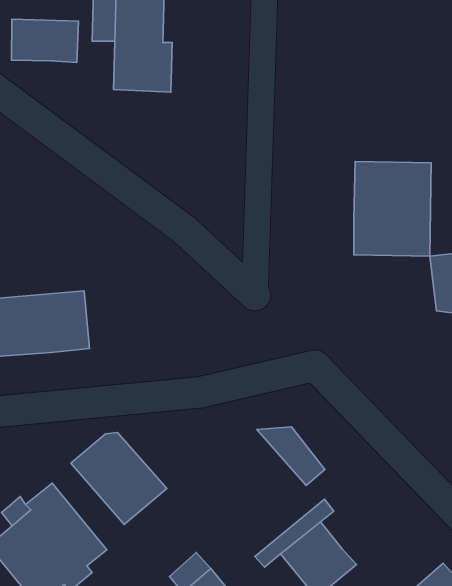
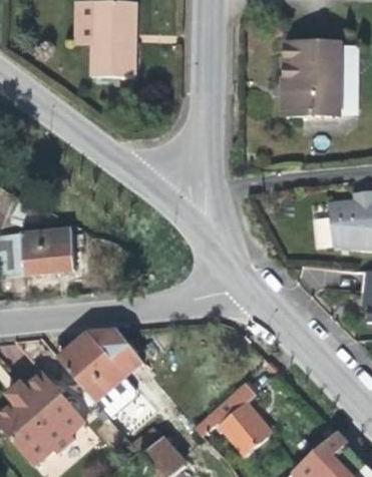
building: [12,19,79,63] -> none
building: [354,161,431,256] -> [281,44,339,115]
building: [257,427,325,486] -> [93,331,144,375]

